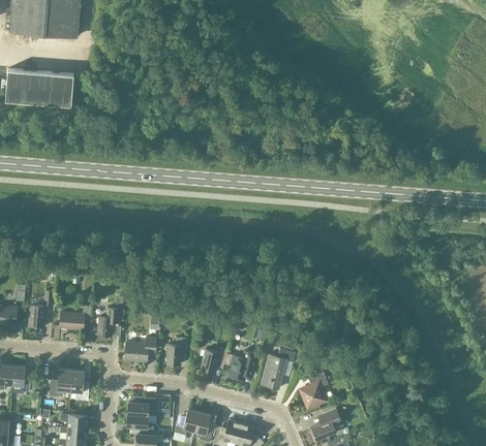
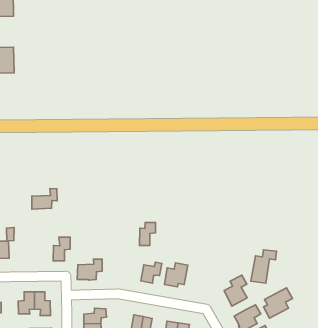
building: [59,306,91,329] -> [32,189,57,209]
building: [166,338,188,365] -> [140,222,156,245]
building: [261,349,295,389] -> [251,250,277,283]
building: none -> [264,288,292,318]

